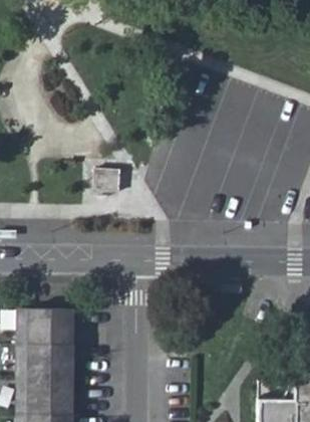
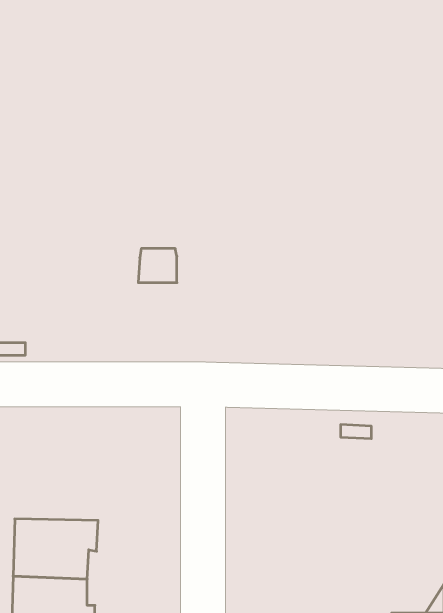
building: [19,309,73,344] -> none

